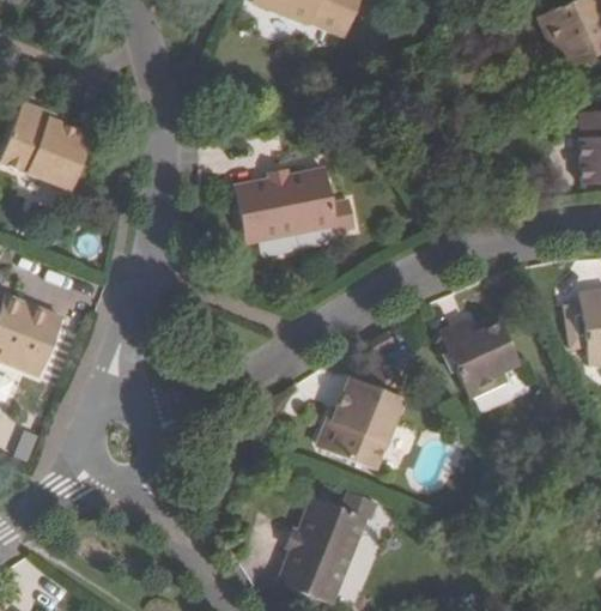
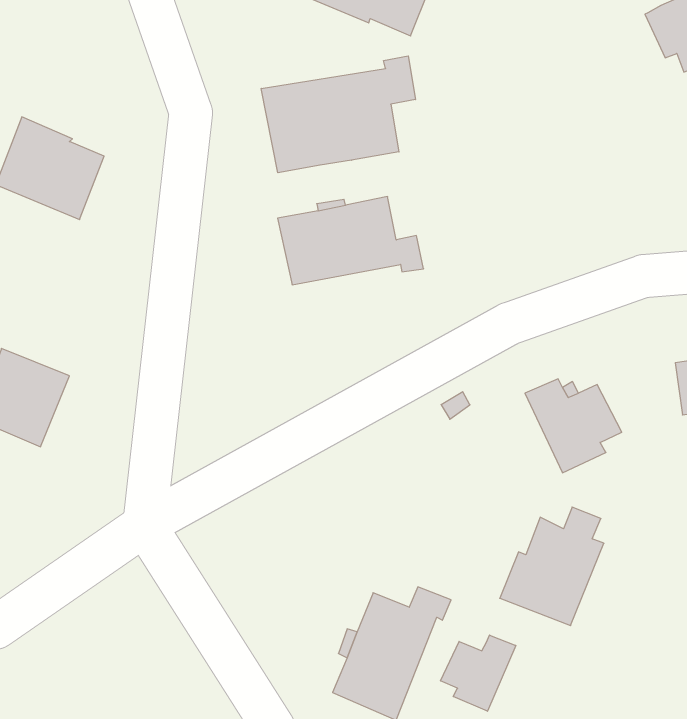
building: none -> [261,56,415,173]
building: [317,369,403,467] -> [500,507,604,626]
building: none -> [441,635,516,711]

